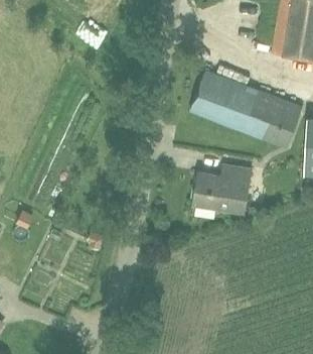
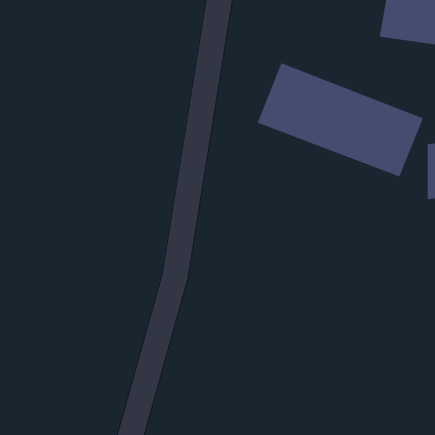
building: [192,166,251,213] -> none

